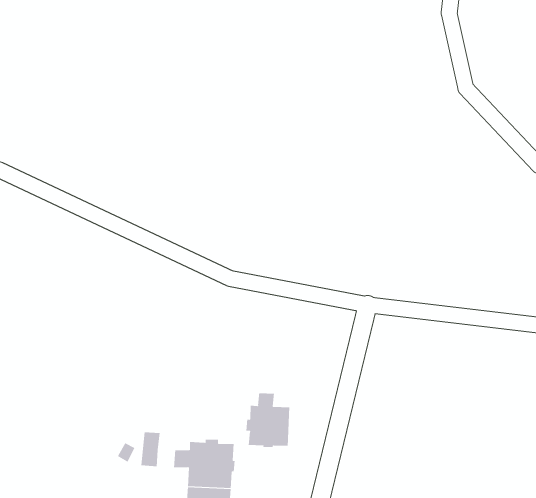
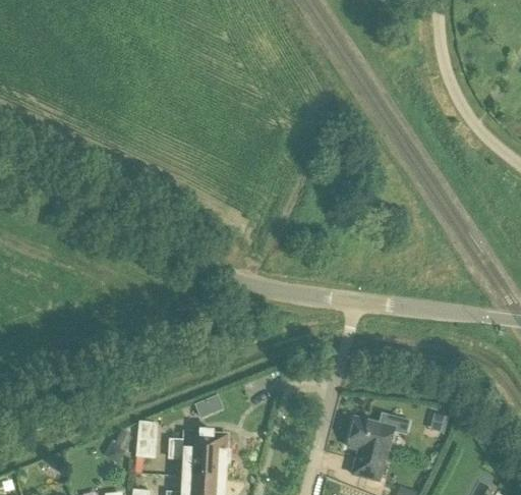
building: [246,392,290,448] -> none
building: none -> [346,418,393,480]

